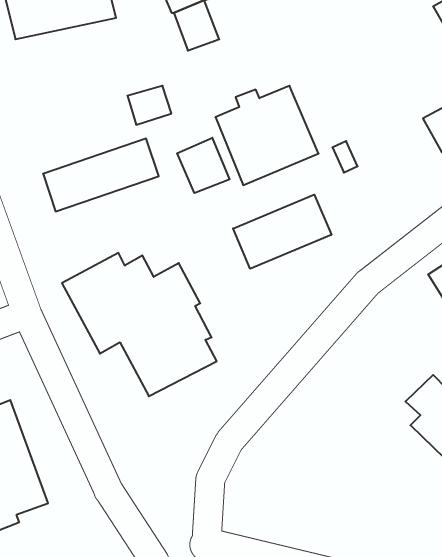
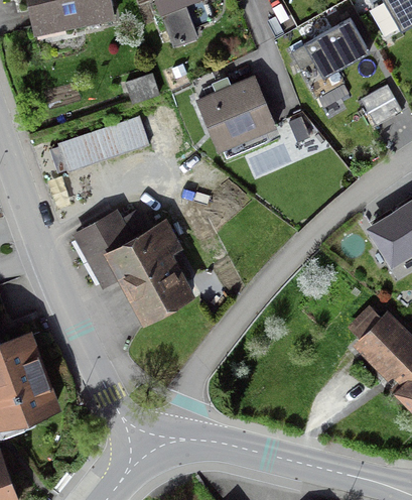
building: none -> [289,17,371,112]
building: [177,138,230,193] -> none
building: [233,195,331,269] -> none

